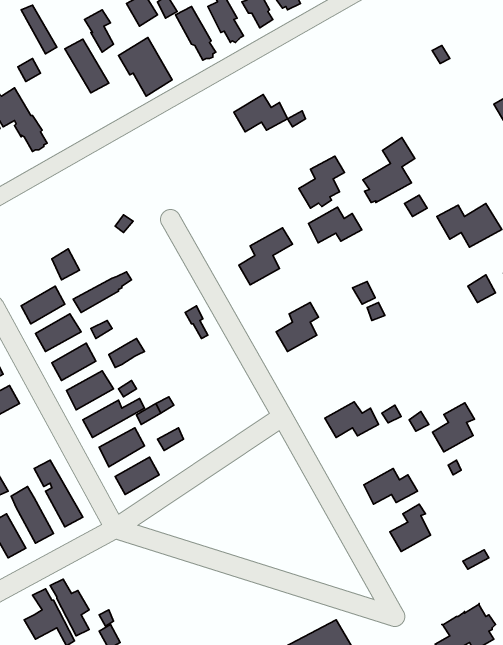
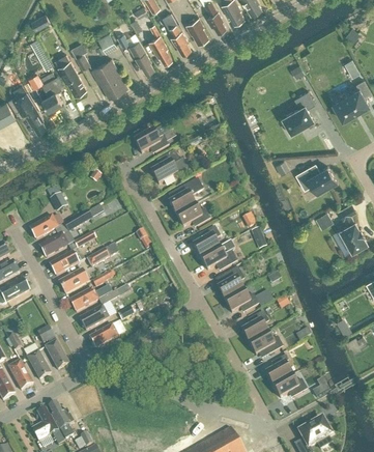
building: none -> [41,76,62,109]
building: [234,94,287,132] -> [134,131,168,154]
building: [363,137,415,202] -> [282,88,315,130]
building: [299,156,344,208] -> [151,151,180,185]
building: [308,207,362,243] -> [176,205,210,228]
building: none -> [200,241,237,271]
building: none -> [217,267,243,301]
building: [432,403,475,452] -> [241,312,268,343]
building: none -> [272,375,307,398]

